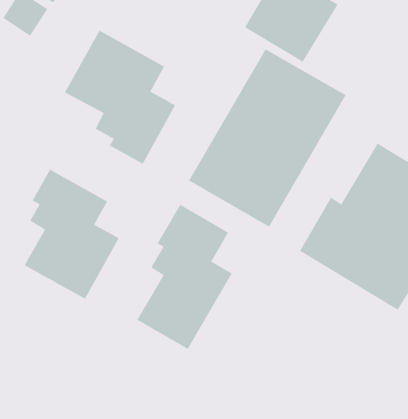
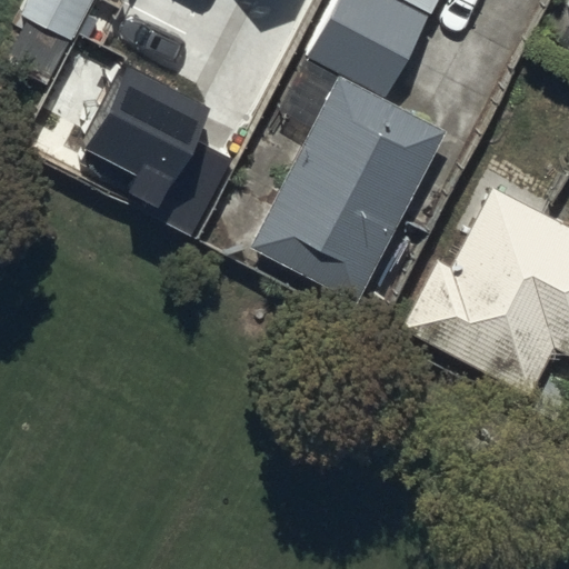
building: [24,169,119,300] -> none
building: [136,204,233,350] -> none

